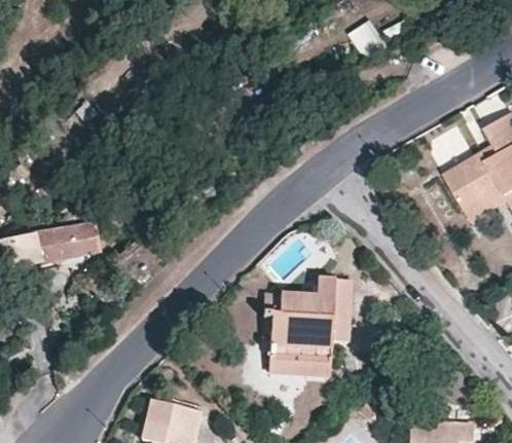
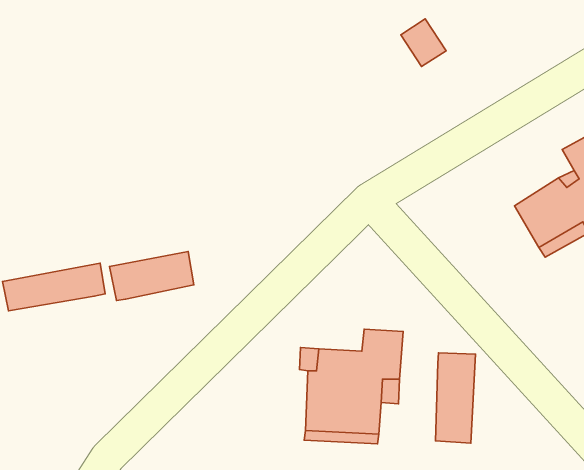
building: none -> [110,252,194,301]
building: none -> [435,353,475,443]

